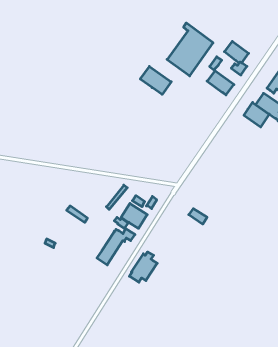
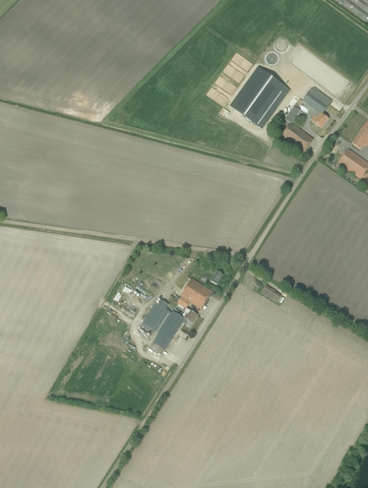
building: [140,66,171,94] -> none
building: [244,102,269,127] -> none
building: [129,252,157,282] -> [139,298,172,333]

